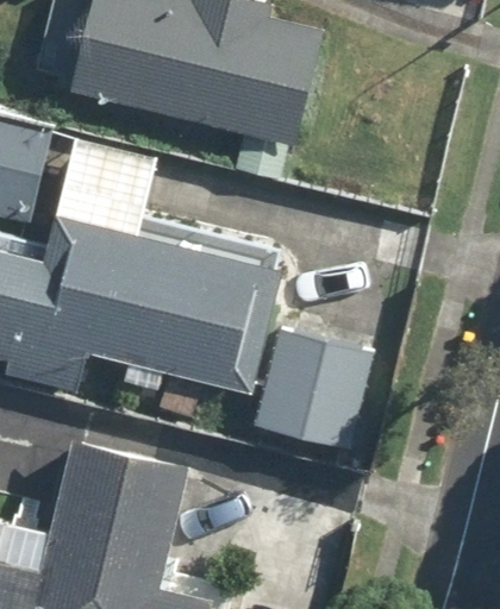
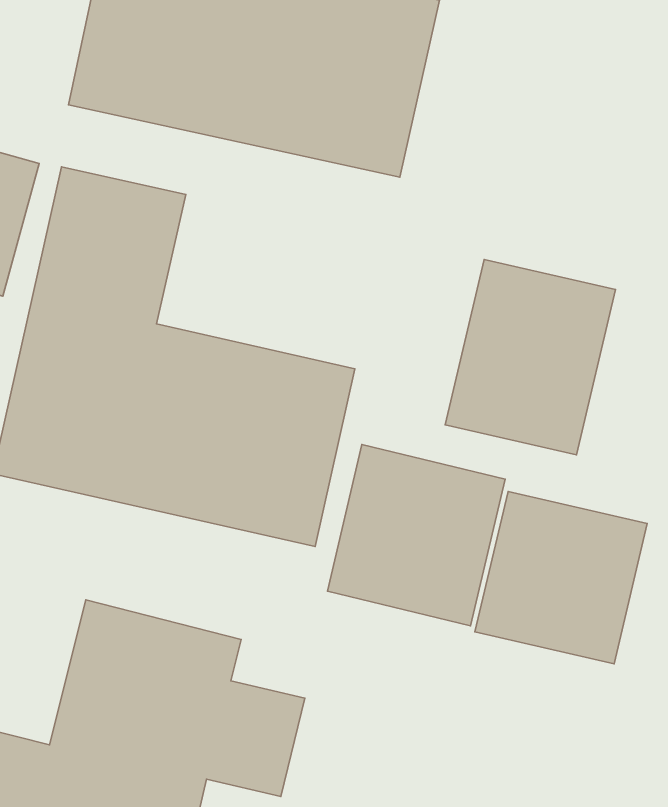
building: none -> [445,259,616,455]
building: none -> [475,492,647,664]

